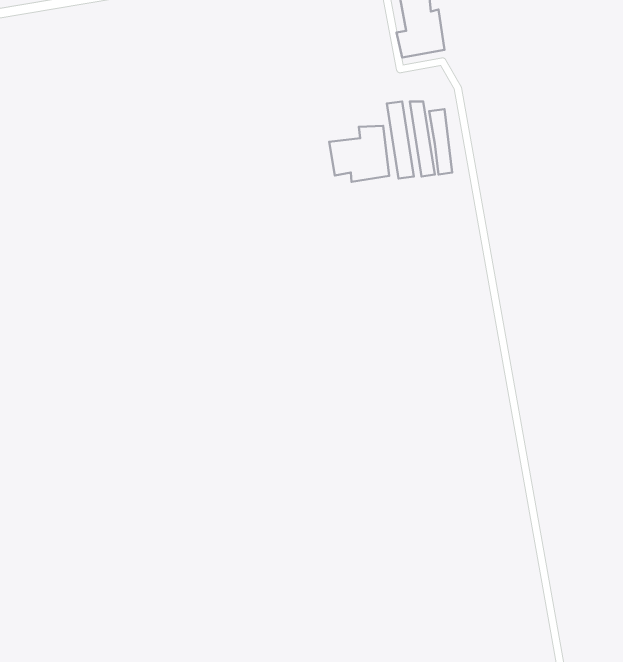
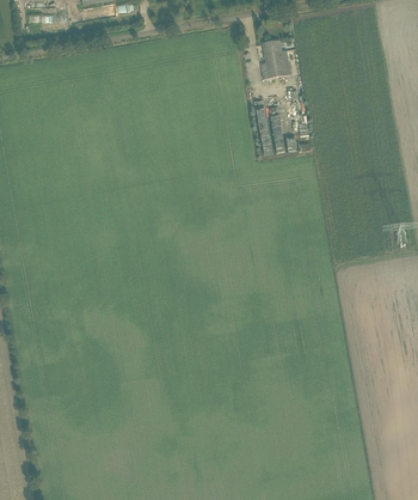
building: [329,126,389,182] -> none

